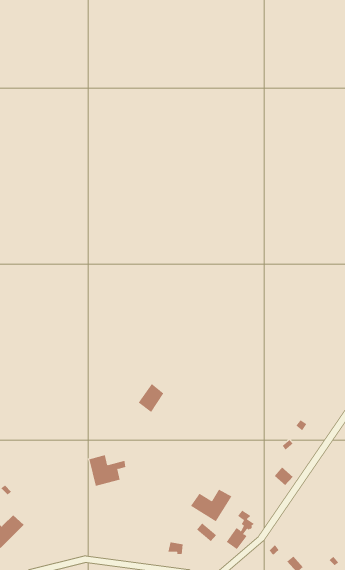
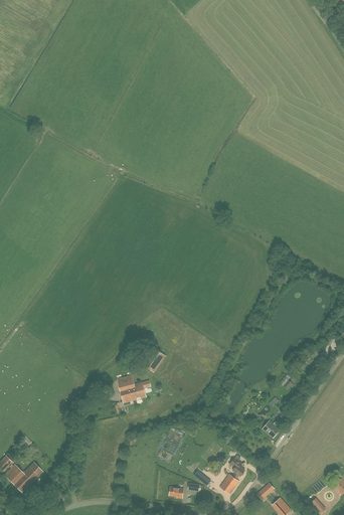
building: [88,455,126,487] -> [118,374,151,402]
building: [190,489,232,522] -> none

